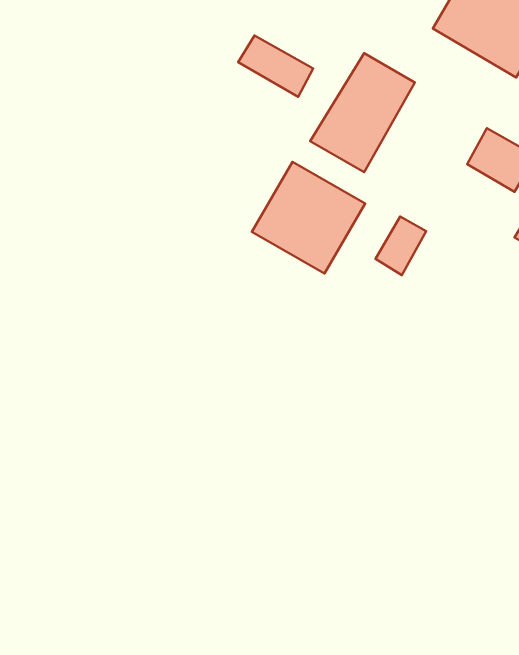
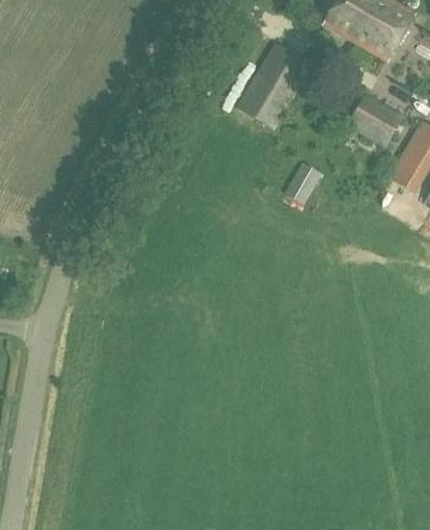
building: [238,35,313,97] -> none
building: [252,162,365,274] -> none

